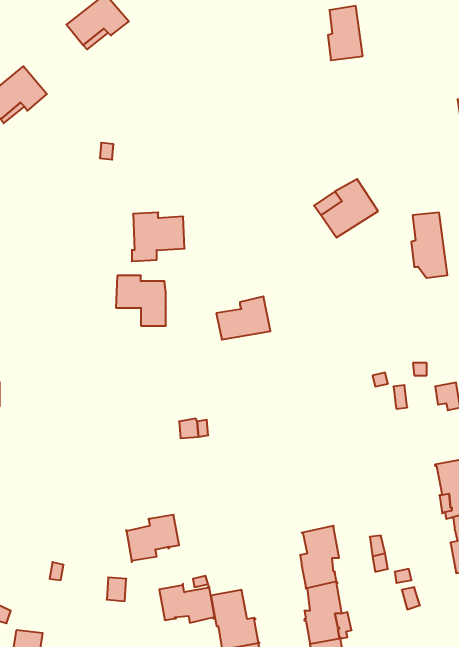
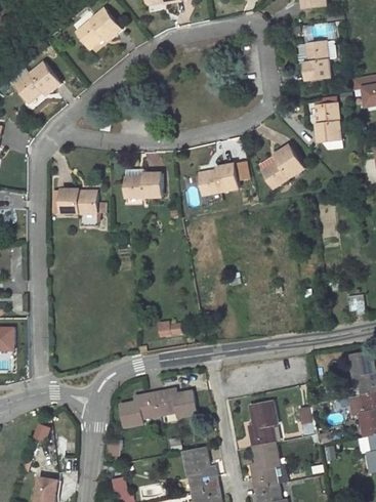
building: [328,6,363,60] -> [305,40,331,80]
building: [411,213,447,278] -> [317,101,343,150]
building: [116,276,166,326] -> [61,189,98,225]
building: [216,296,270,340] -> [200,162,240,194]
building: [159,584,215,623] -> [155,387,196,416]

